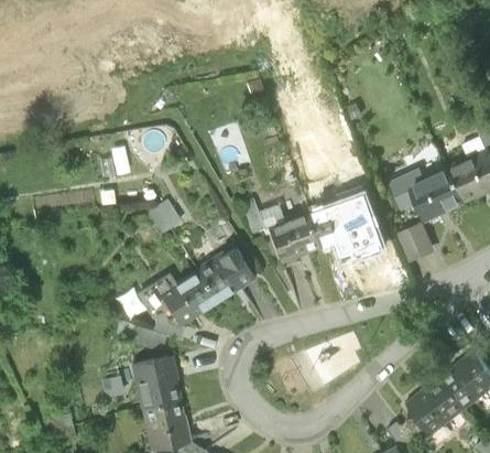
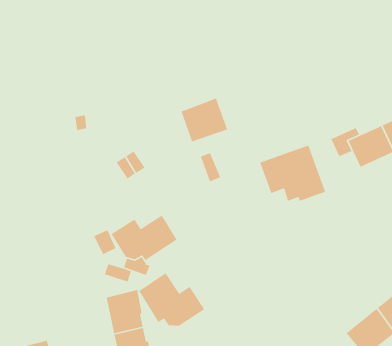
building: [269,212,323,262] -> [181,98,228,142]
building: [398,225,432,259] -> none
building: [199,248,252,300] -> none
building: none -> [138,272,205,326]

